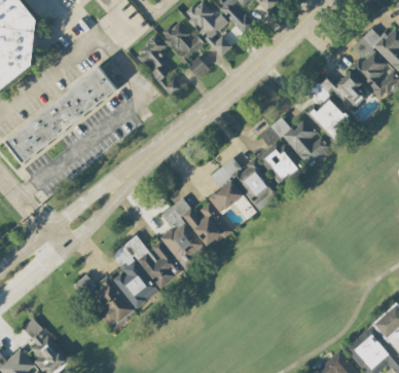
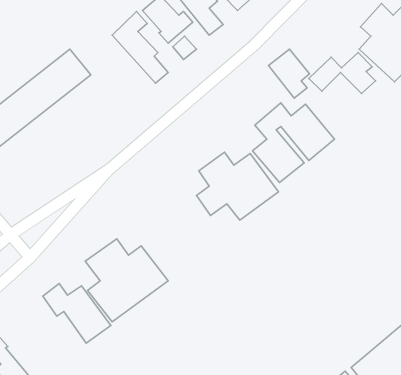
building: [313,98,349,141] -> [268,49,309,98]
building: [160,195,231,266] -> none

